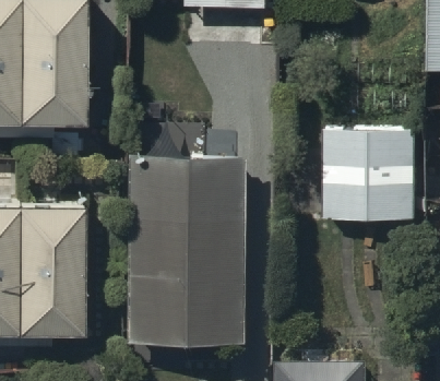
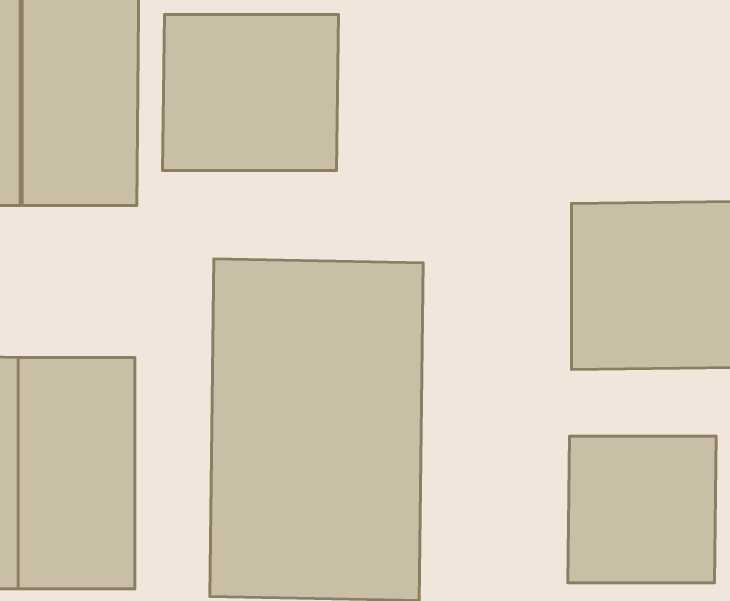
building: none -> [162,15,339,171]
building: none -> [568,436,716,583]

